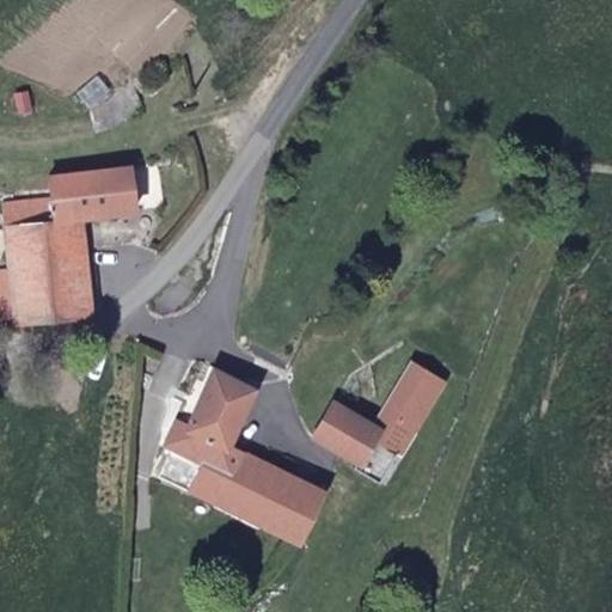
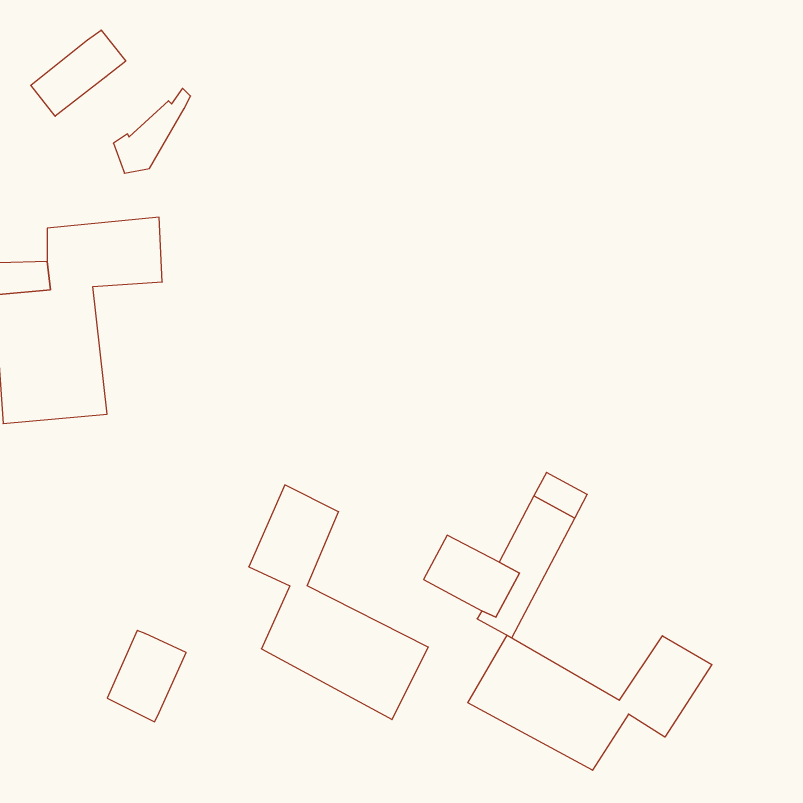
building: none -> [31,30,126,116]
building: [160,429,220,498] -> [107,630,186,722]
building: none -> [468,635,712,770]

